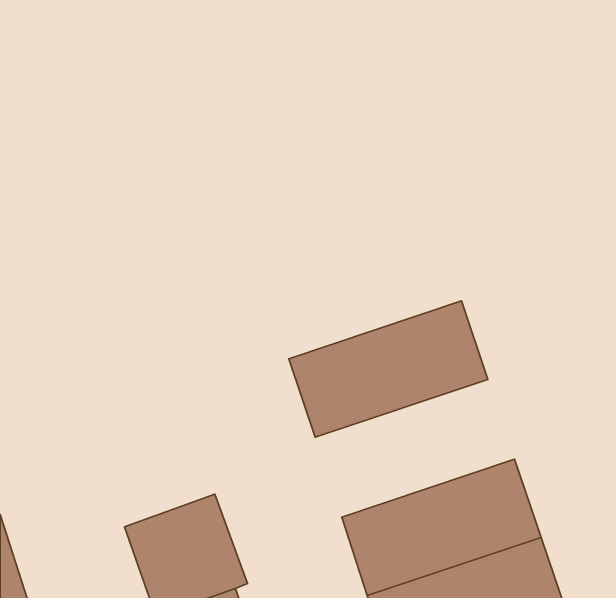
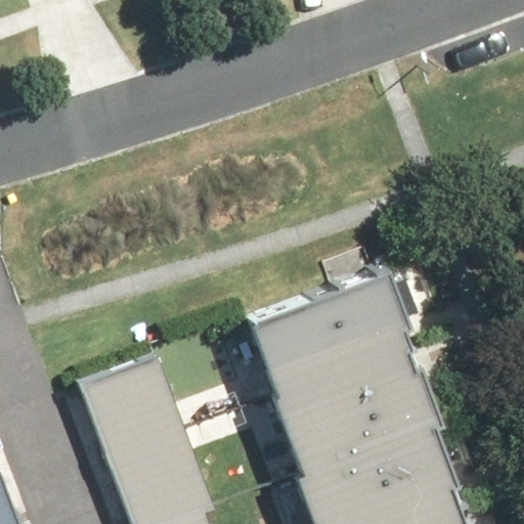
building: none -> [268,338,437,454]
building: none -> [79,359,183,463]

